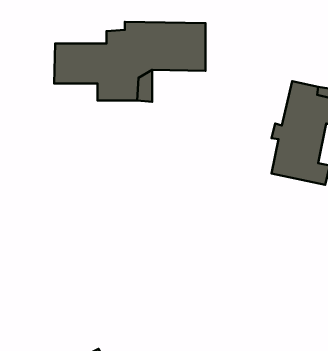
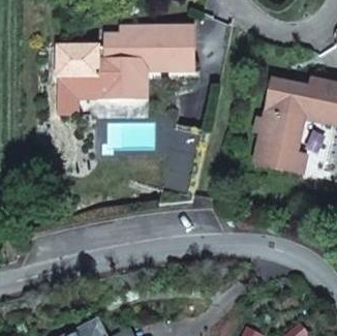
building: none -> [57,81,96,113]

